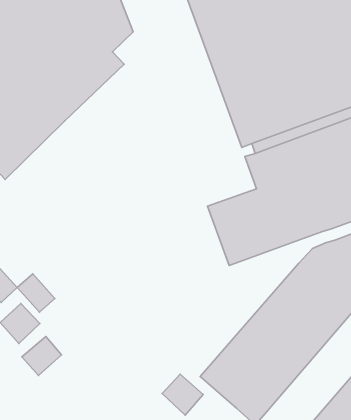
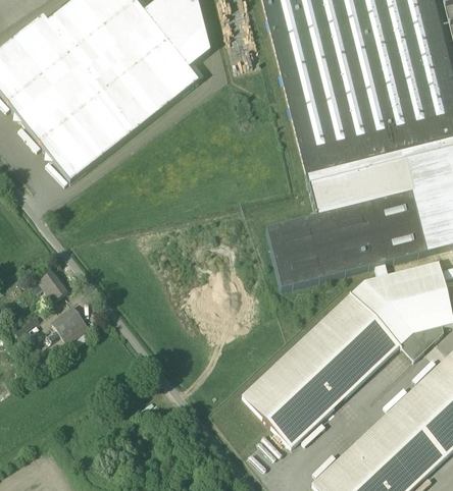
building: [17,274,55,312] -> none
building: [22,336,61,375] -> none
building: [162,374,203,415] -> none

